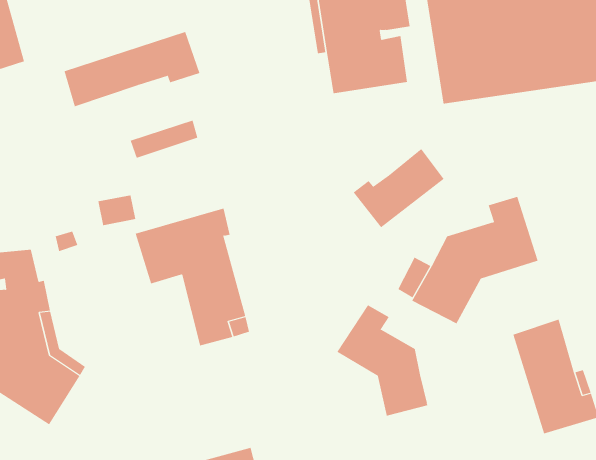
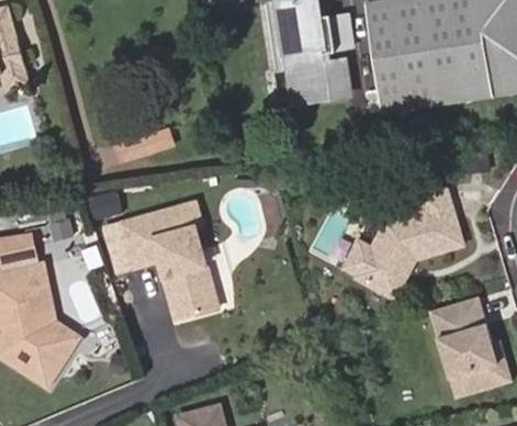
building: [64,31,200,107] -> none
building: [353,148,444,228] -> none
building: [336,304,428,417] -> none

